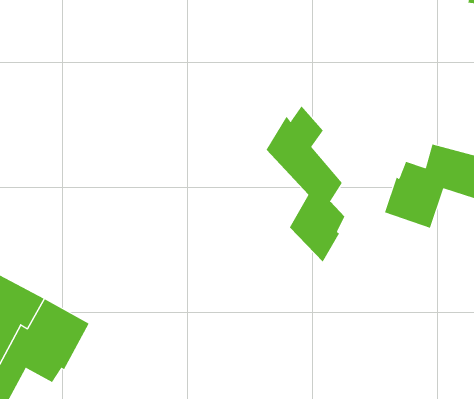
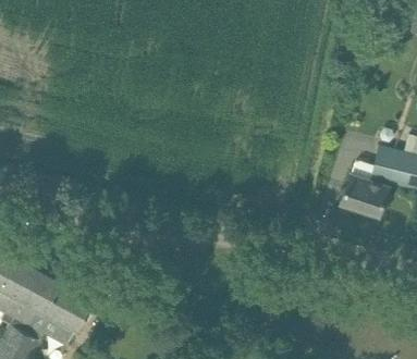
building: [266,105,345,263] -> none

